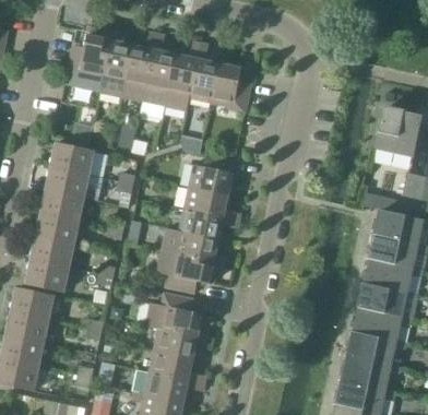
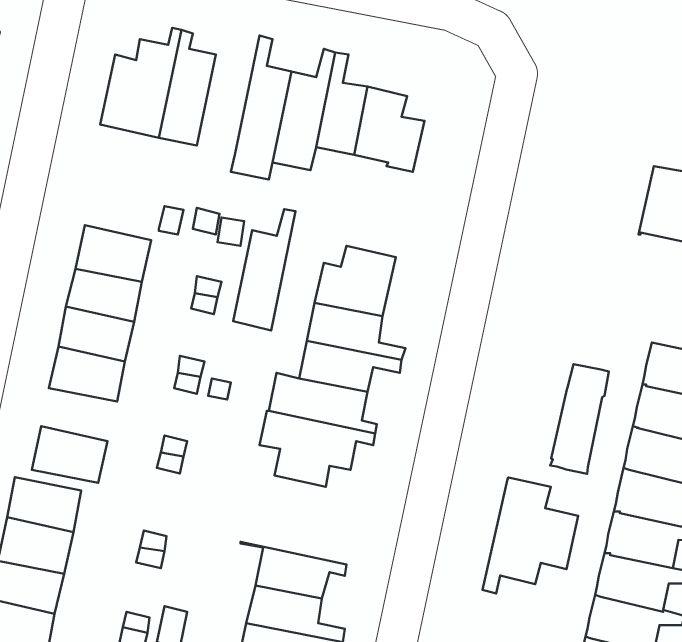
building: [120,32,156,102] -> [233,209,296,331]
building: none -> [550,364,609,474]
building: [31,236,74,266] -> none
building: none -> [482,478,578,593]
building: [145,293,207,337] -> none

